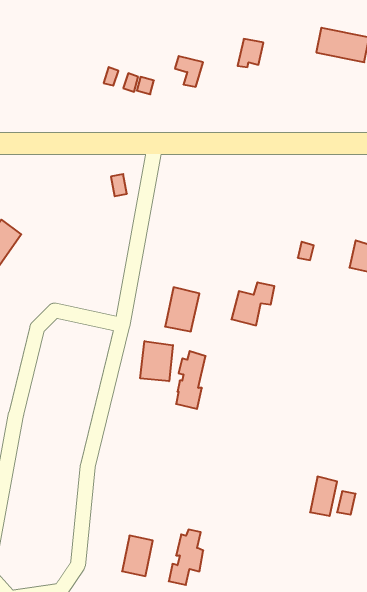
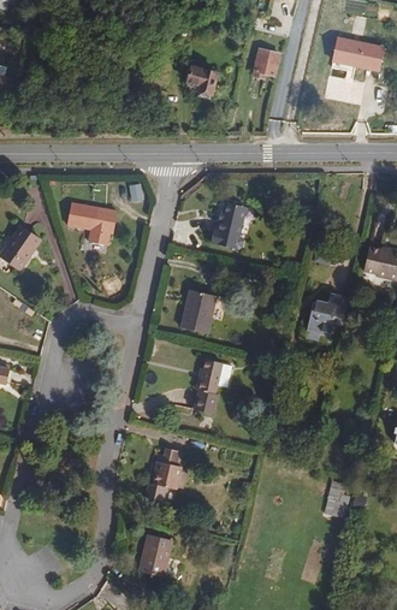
building: none -> [213,201,245,247]
building: none -> [69,202,117,244]
building: [231,282,274,325] -> [304,292,346,334]
building: [140,341,173,381] -> none
building: [169,530,203,585] -> [149,449,183,503]

